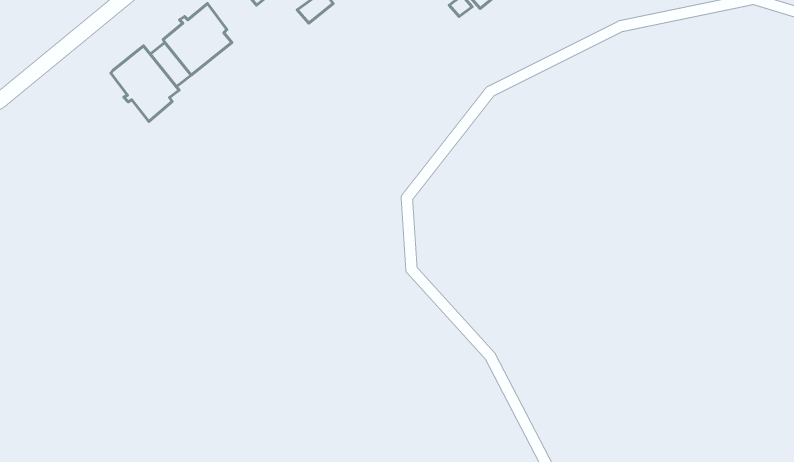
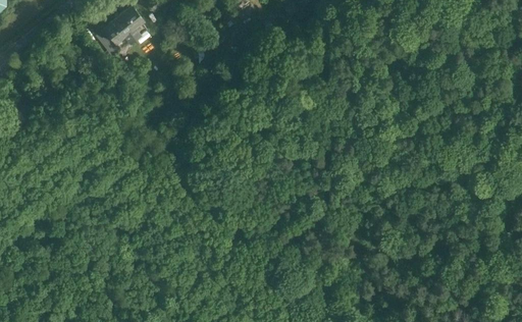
building: [111,46,179,122] -> none

